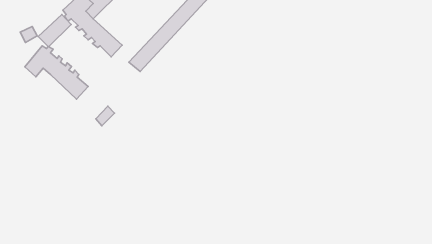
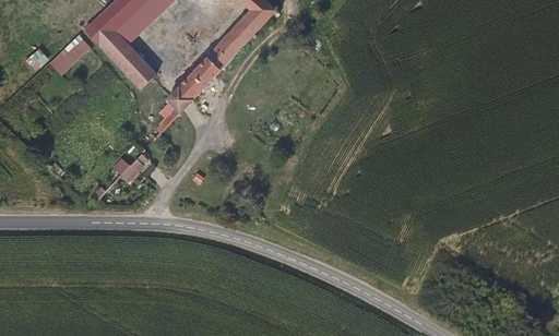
building: [25,46,88,99] -> none

